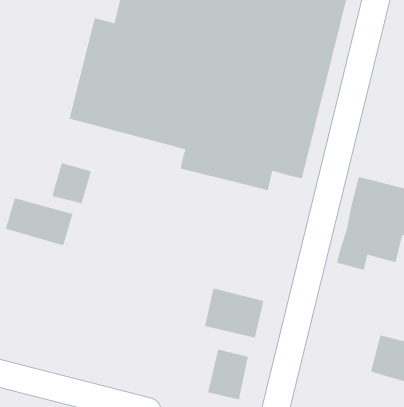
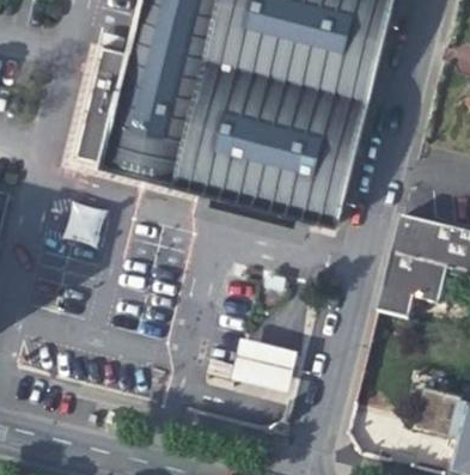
building: [5,197,73,246] -> none
building: [208,349,249,400] -> none

